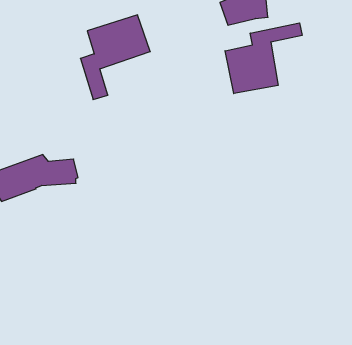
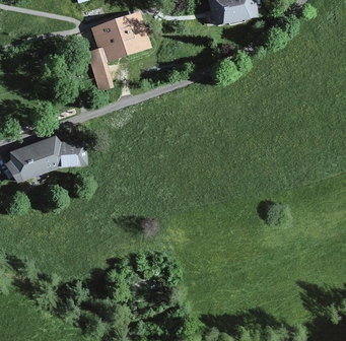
building: [225,23,302,94] -> none

